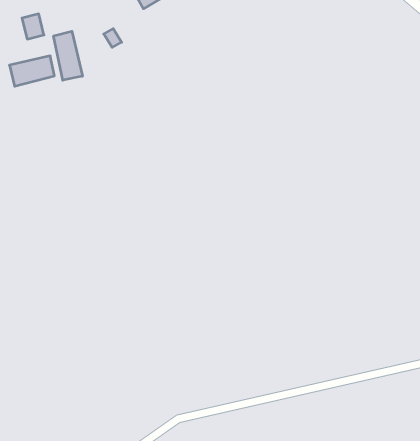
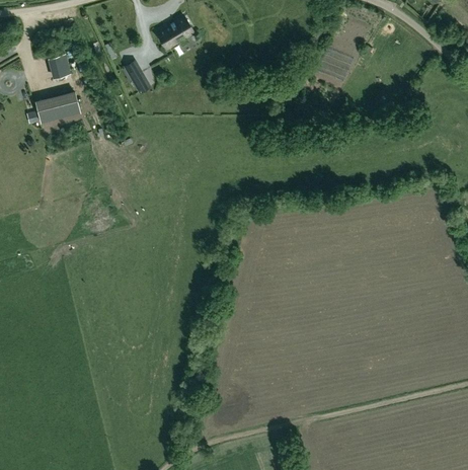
building: [54,31,82,80] -> none

